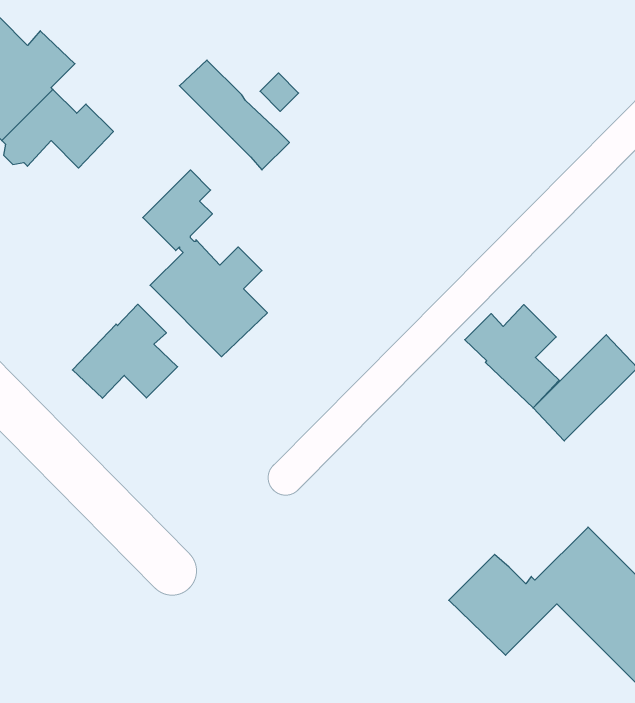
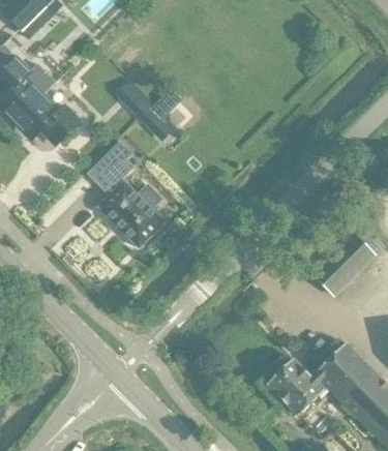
building: [72,304,178,398] -> none
building: [465,305,559,408] -> none

